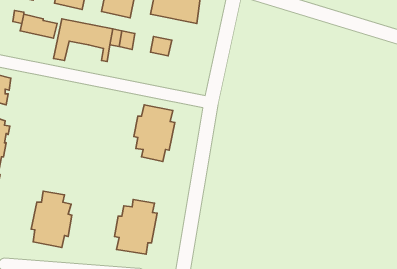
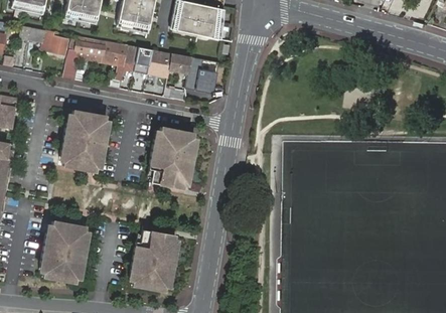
building: none -> [148,50,172,77]
building: none -> [186,57,217,93]
building: none -> [61,110,108,170]

